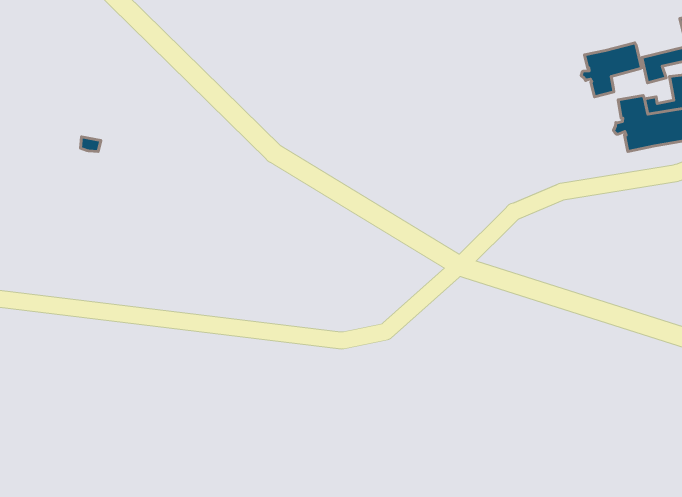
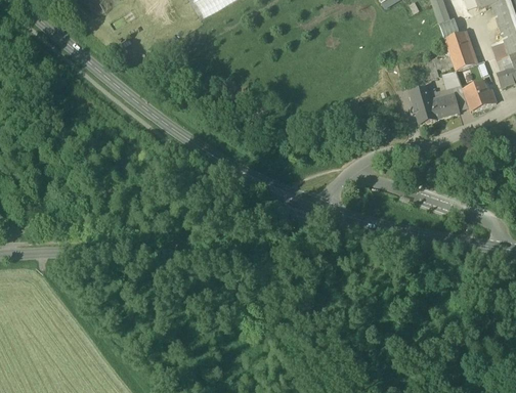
building: [581,43,641,97] -> none

